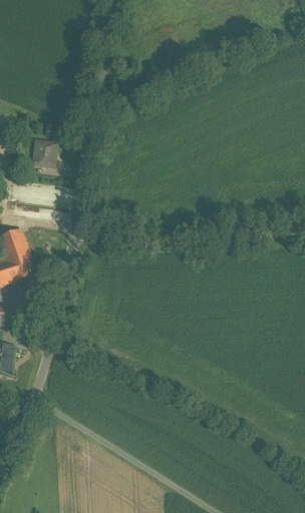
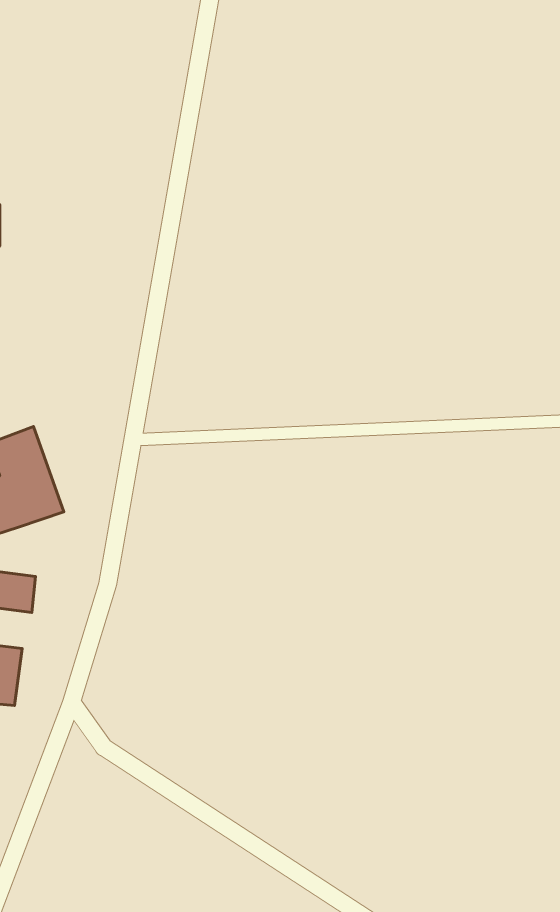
building: [33,141,56,166] -> none

